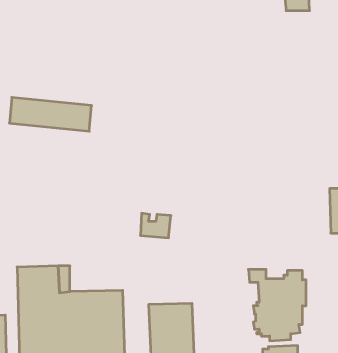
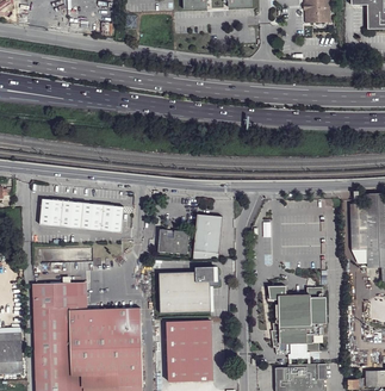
building: [9,97,92,131] -> [38,197,122,231]
building: none -> [192,213,222,259]
building: none -> [159,267,219,312]

